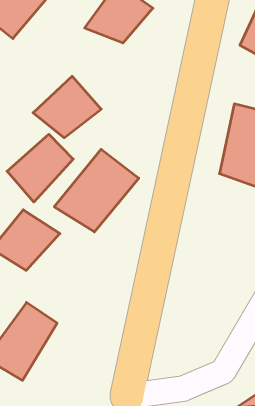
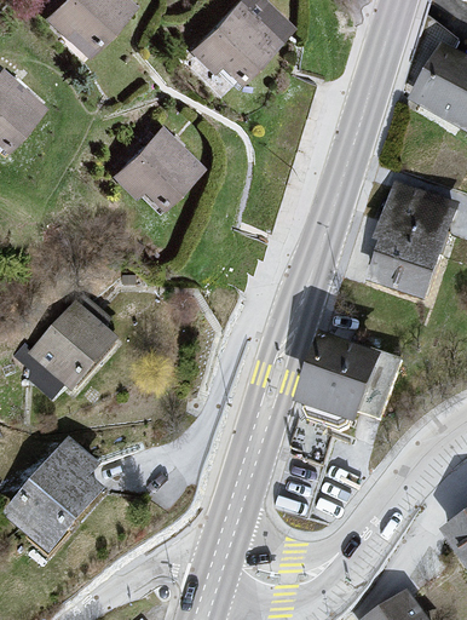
building: [7,134,73,202] -> none
building: [54,149,139,232] -> none
building: none -> [296,334,396,427]

